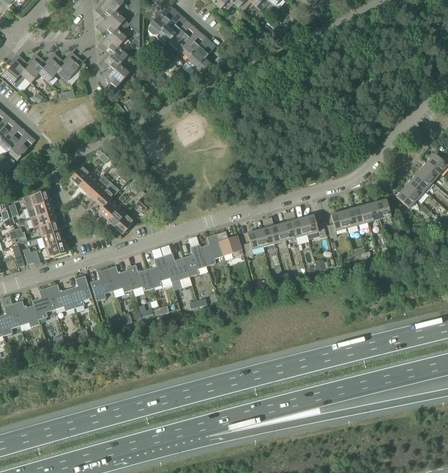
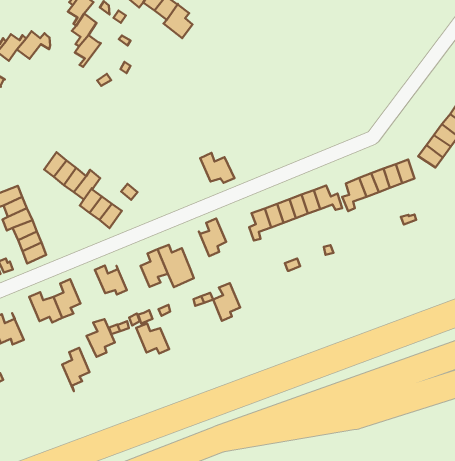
building: [216,229,244,256] -> [200,153,234,183]
building: [184,243,207,275] -> [213,283,240,321]
building: [126,263,153,290] -> [136,323,169,354]
building: [90,268,114,300] -> [86,319,115,357]
building: [32,286,55,323] -> [62,348,90,391]

